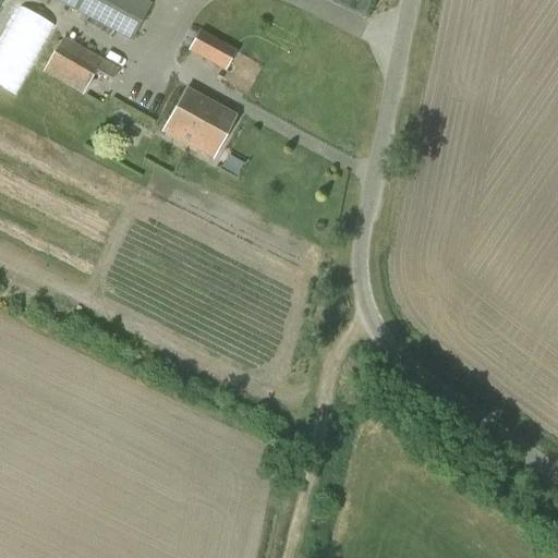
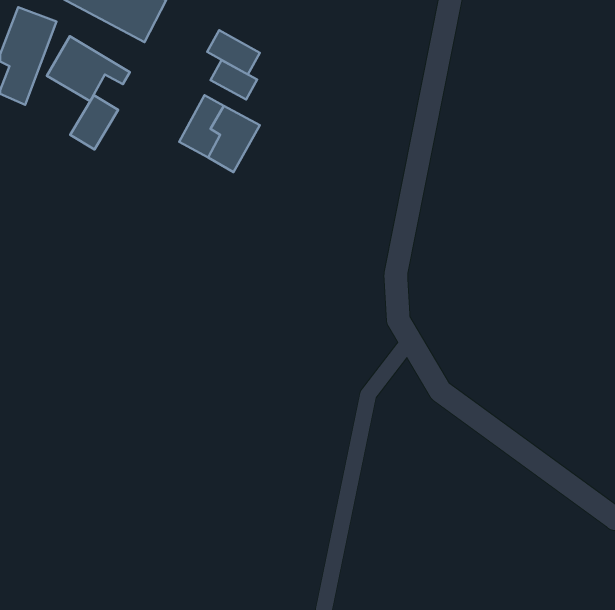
building: none -> [211,60,257,99]
building: none -> [70,95,118,149]

